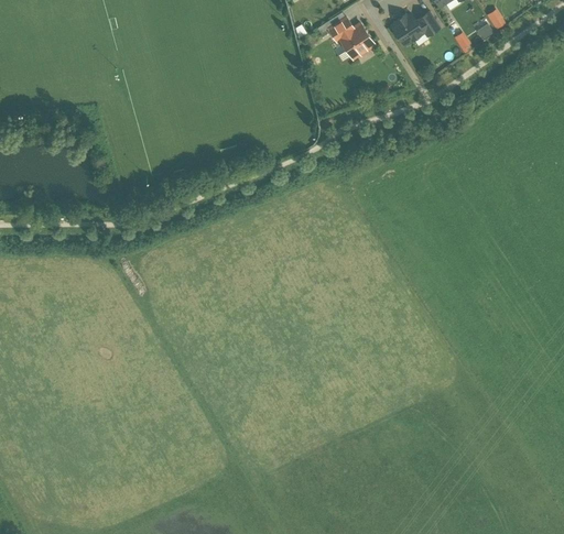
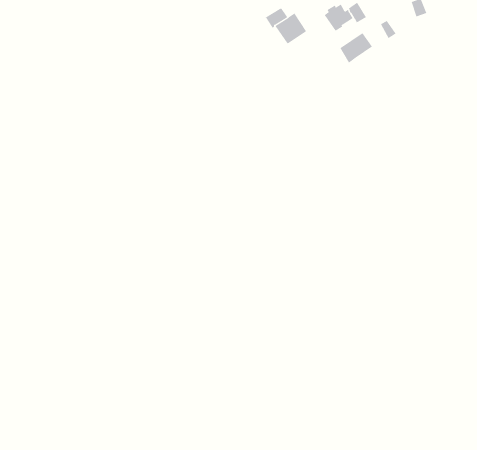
building: none -> [339,33,372,63]

